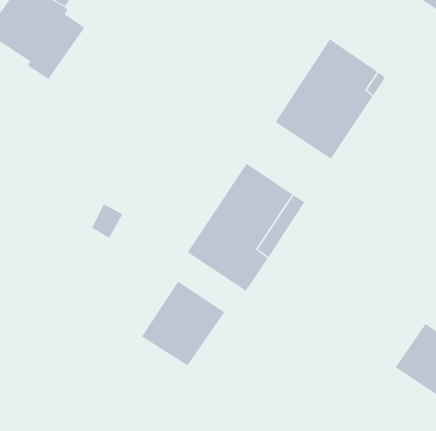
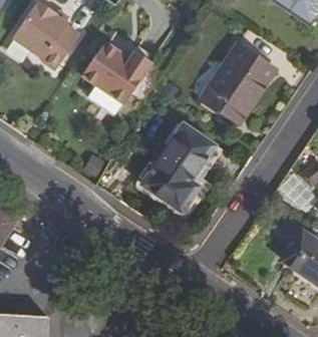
building: none -> [83,43,153,103]
building: [141,281,225,366] -> none

